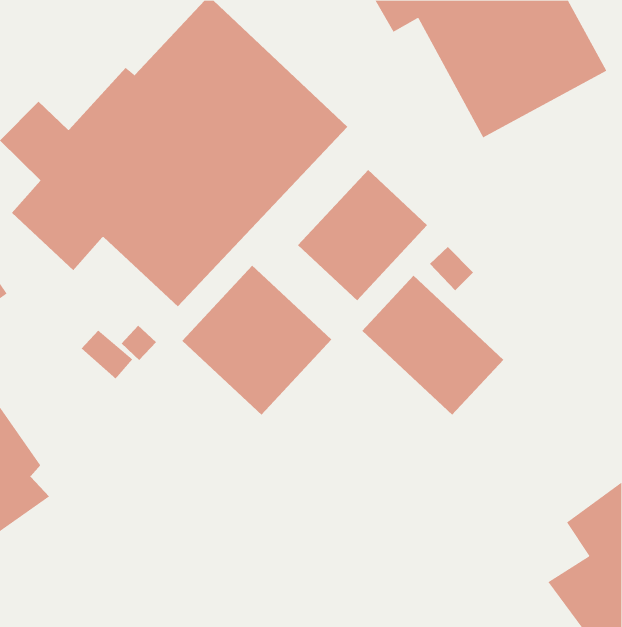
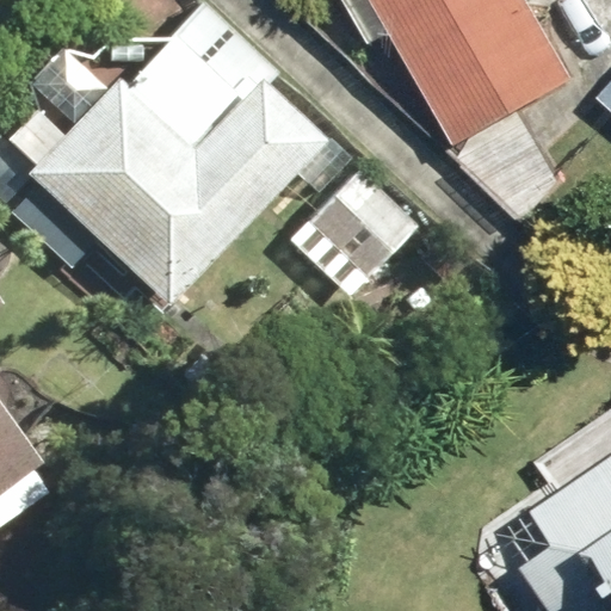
building: [181,265,332,416] -> none
building: [361,275,504,416] -> none

